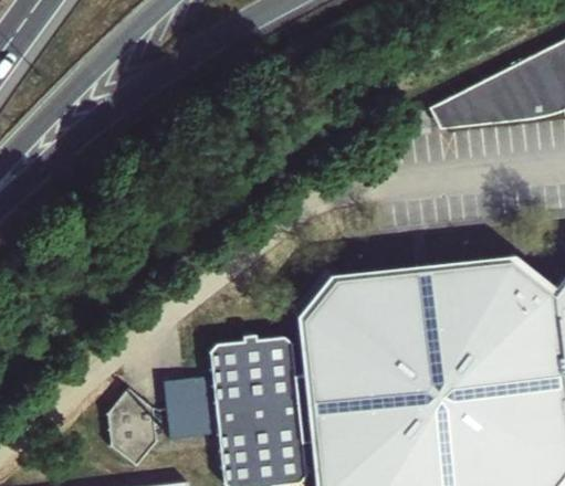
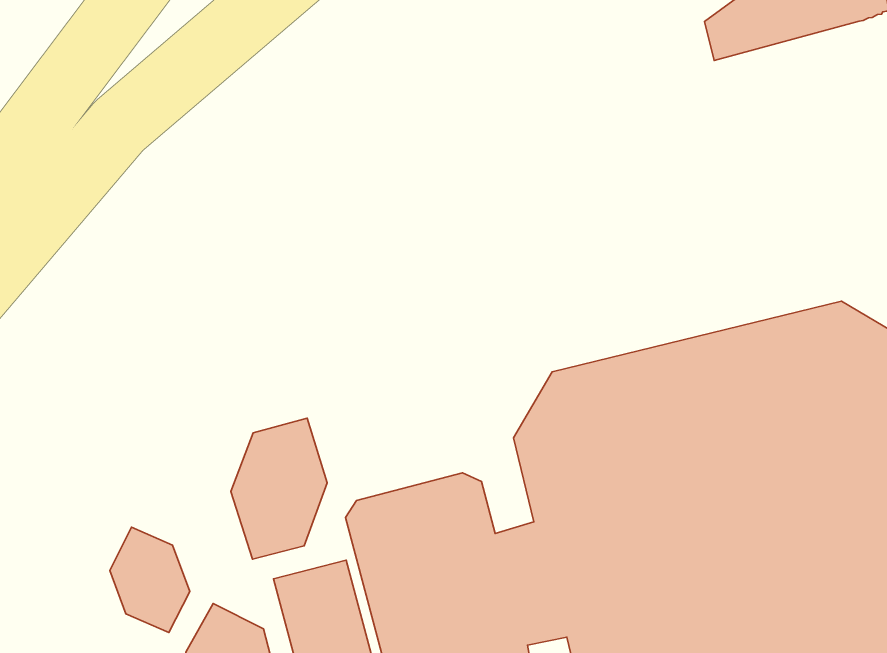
building: none -> [231,418,327,559]
building: none -> [110,527,190,632]

